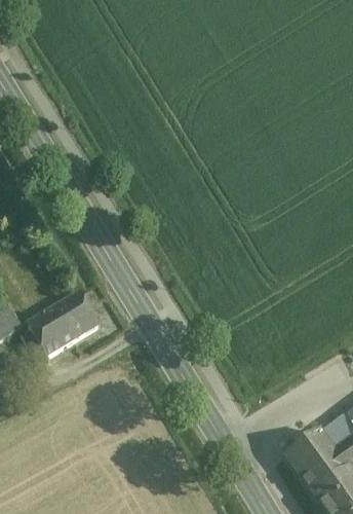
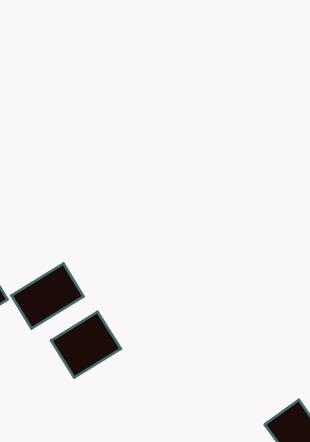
building: none -> [51,312,121,378]

